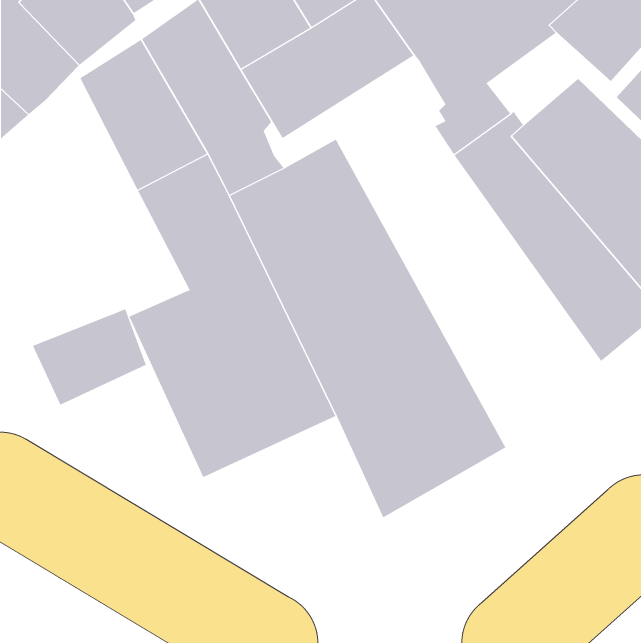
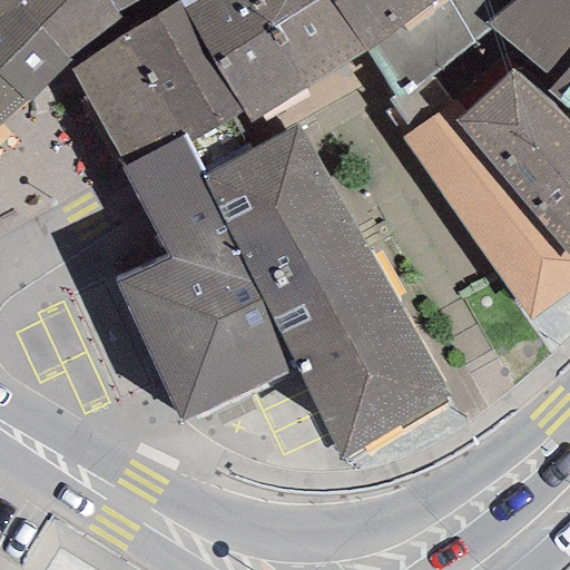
building: [32,308,147,405] -> none

